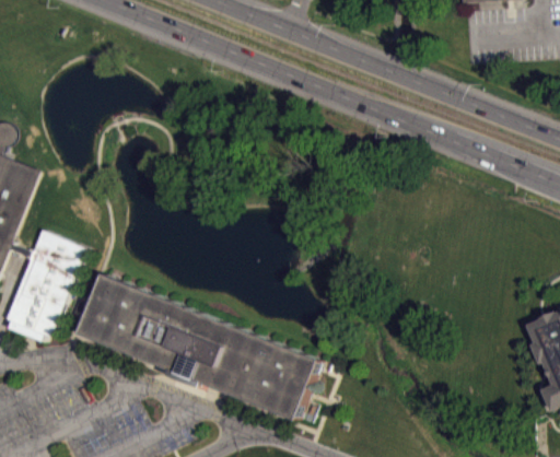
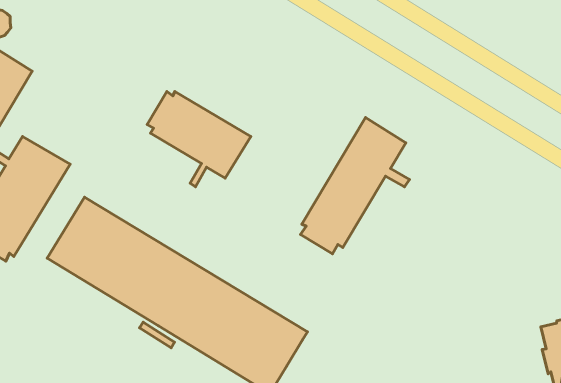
building: none -> [300,117,409,254]
building: none -> [147,91,251,187]

